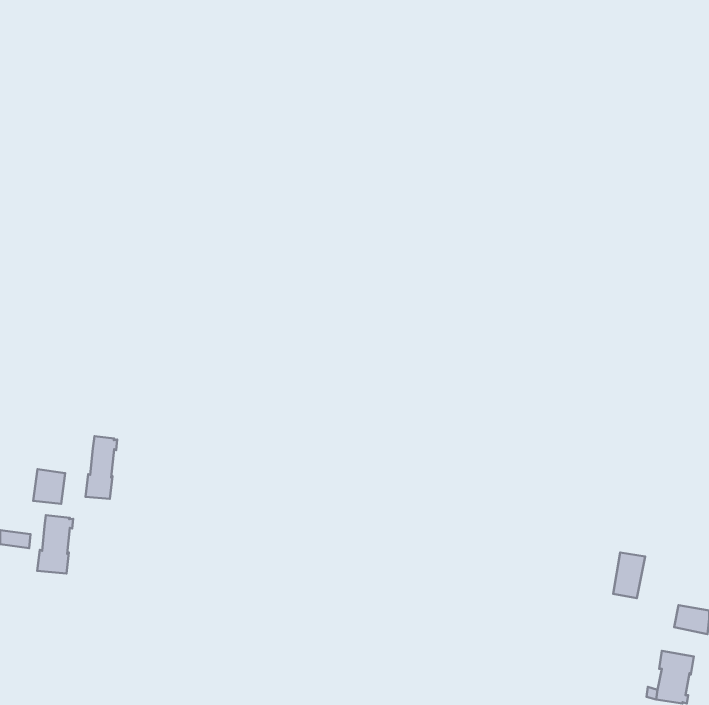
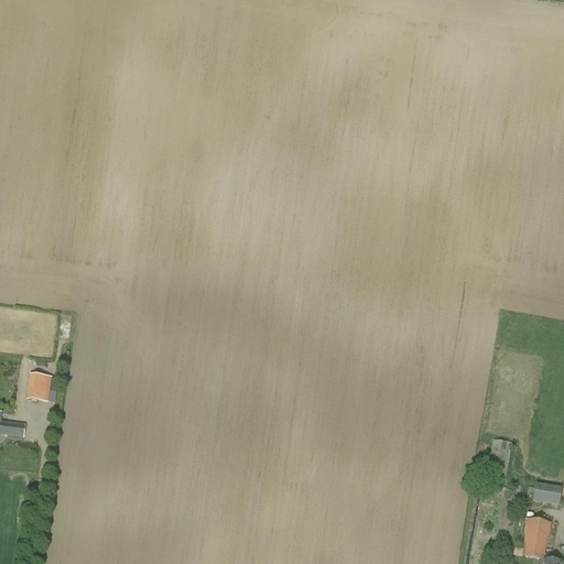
building: [85,436,117,499] -> none
building: [37,515,73,574] -> none

